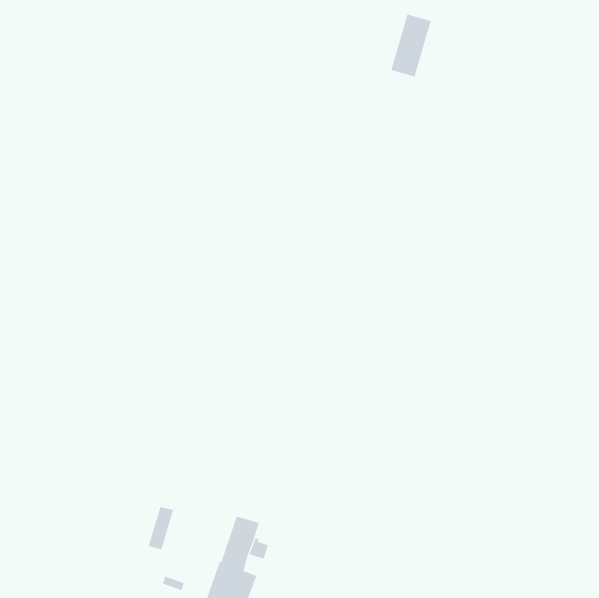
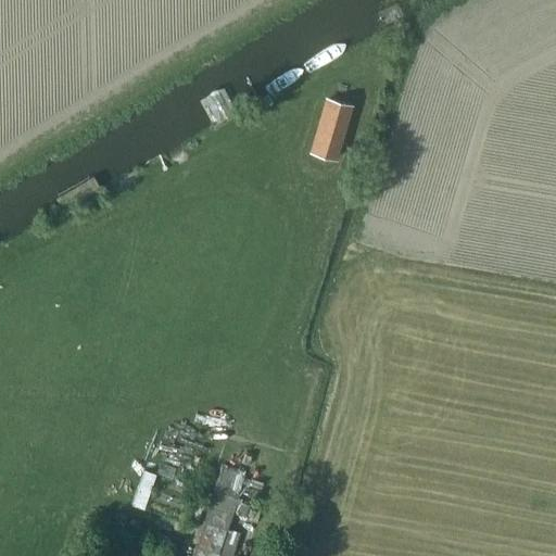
building: [390,14,432,77] -> [313,101,351,160]

